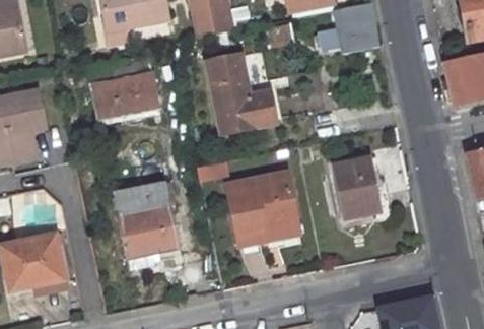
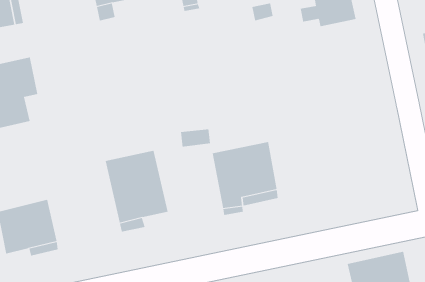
building: [88,49,159,121] -> none
building: [209,57,276,133] -> none
building: [334,158,382,220] -> none

